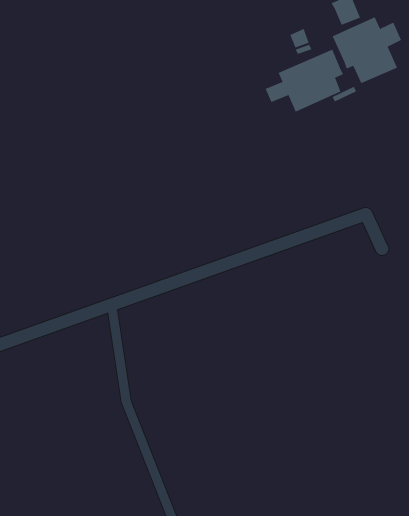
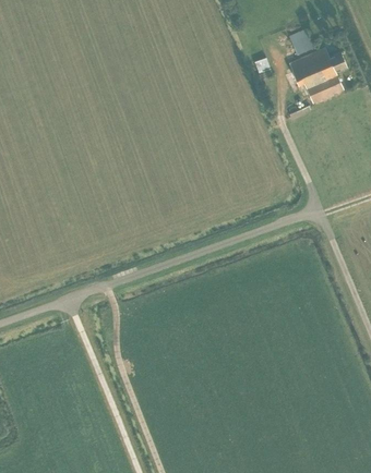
building: [265,49,344,112] -> none

